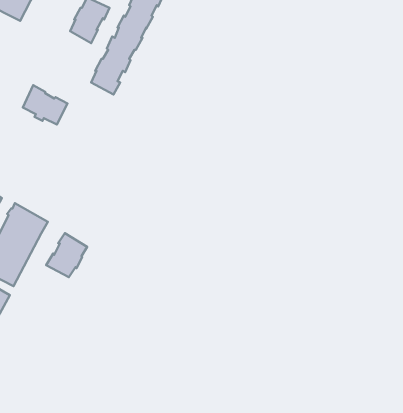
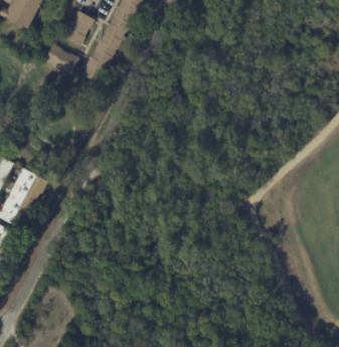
building: [23,85,67,125] -> [45,42,79,72]
building: [46,233,87,277] -> none

